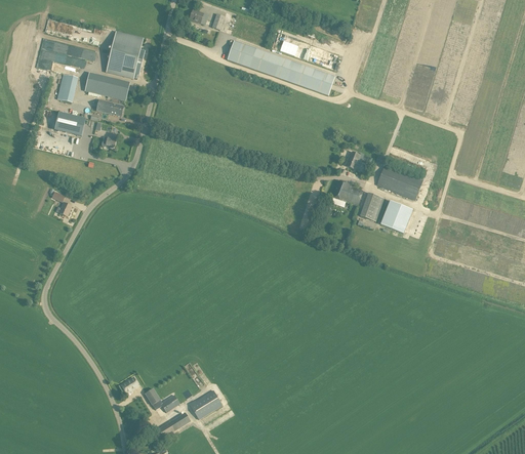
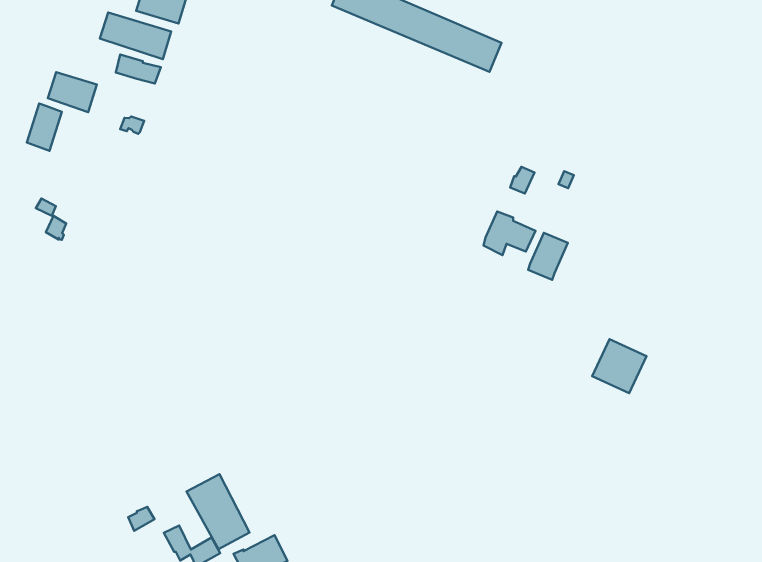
building: [56,73,77,101] -> [27,104,62,151]
building: [375,164,422,199] -> none
building: [379,200,412,233] -> [592,339,646,393]
building: none -> [186,474,249,549]

